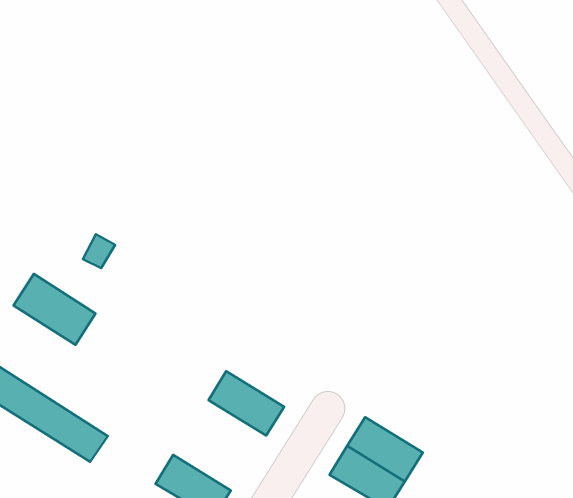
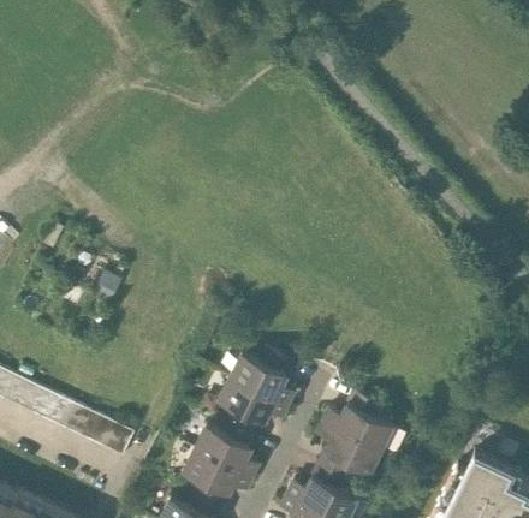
building: [14,274,96,345] -> none
building: none -> [230,347,292,397]
building: none -> [194,421,256,470]

